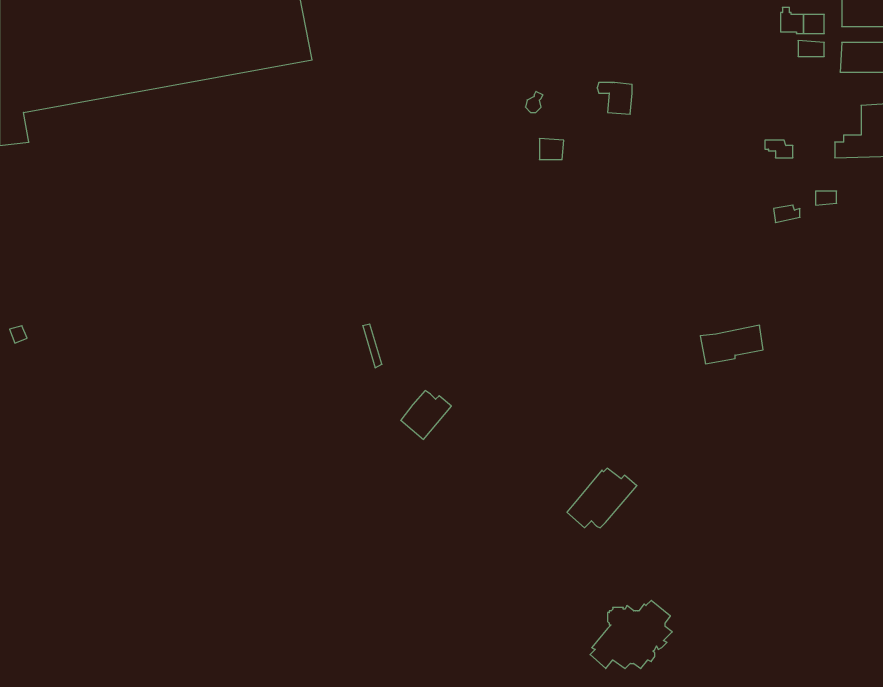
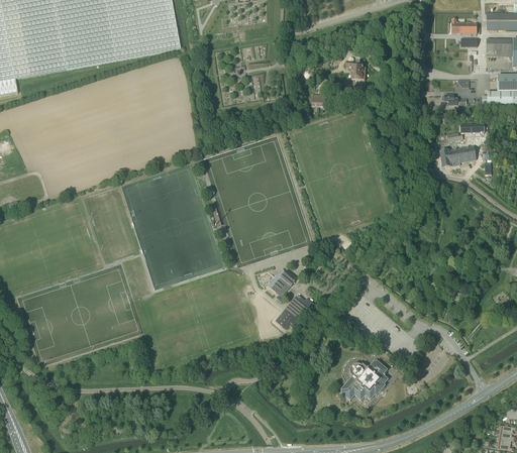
building: [700,325,763,364] -> [439,145,476,167]
building: [401,391,451,439] -> [269,268,298,297]
building: [567,468,637,528] -> [276,295,316,329]

